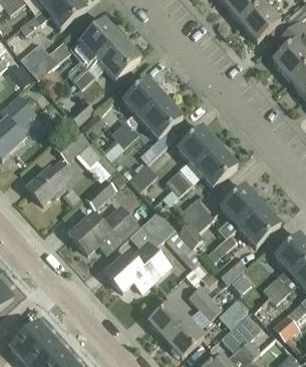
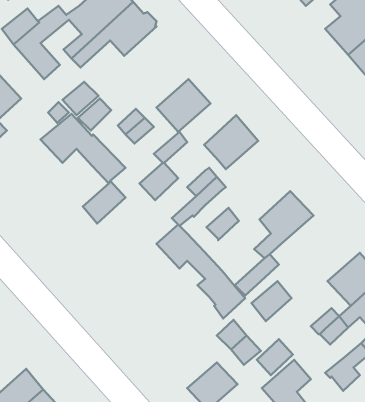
building: [124,77,167,119] -> none
building: [196,145,239,187] -> none
building: [29,159,71,203] -> none
building: [239,204,281,246] -> none
building: [71,206,138,253] -> none
building: [179,208,215,247] -> none
building: [106,244,169,291] -> none
building: [150,300,189,338] -> none

